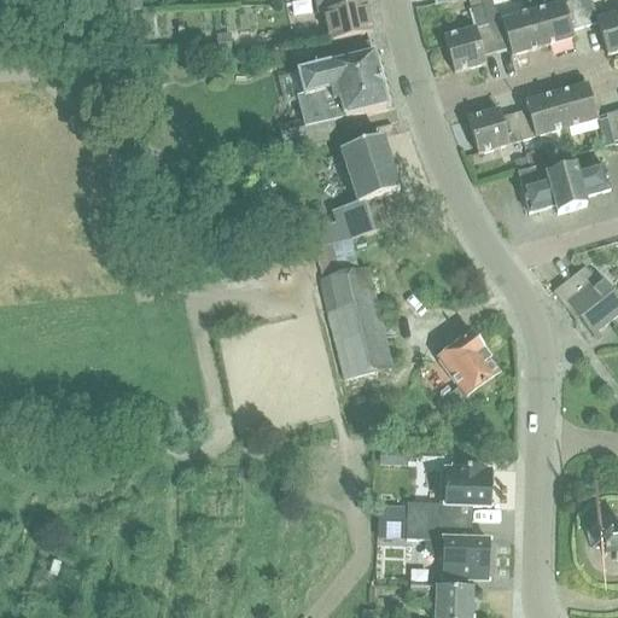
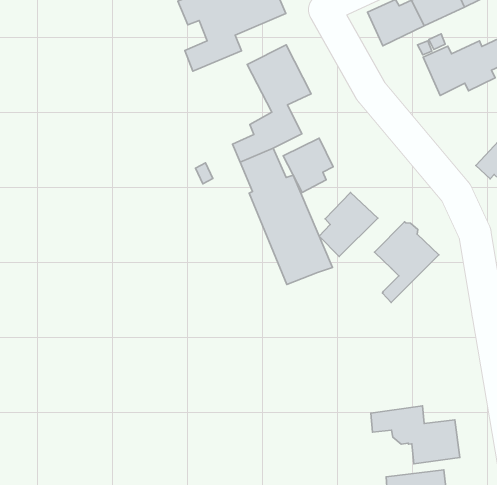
building: none -> [283,138,333,192]
building: none -> [319,193,378,257]
building: [378,462,492,518] -> none

